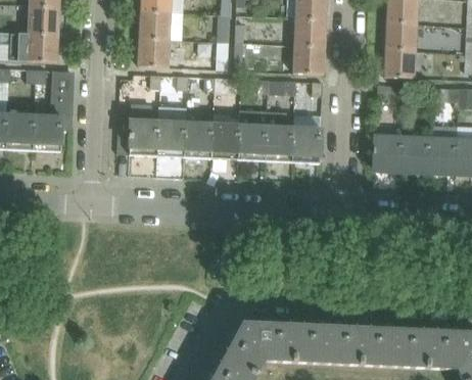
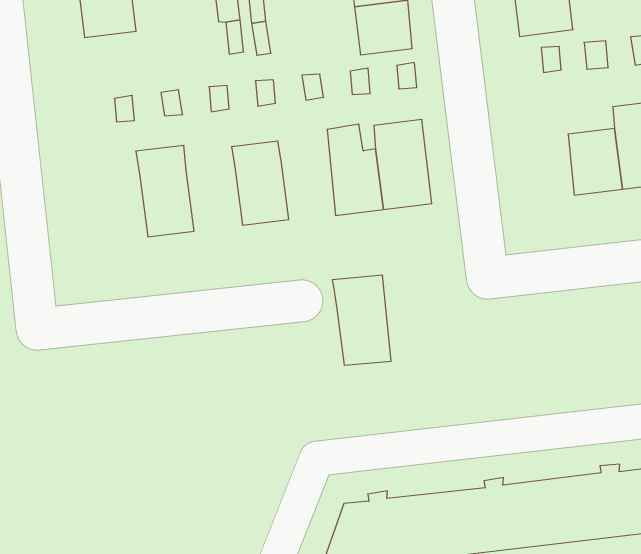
building: [138,37,170,66] -> none
building: [129,104,158,154] -> none
building: [238,108,268,159] -> [332,275,391,365]
building: [184,121,213,156] -> none
building: [373,134,403,170] -> none

